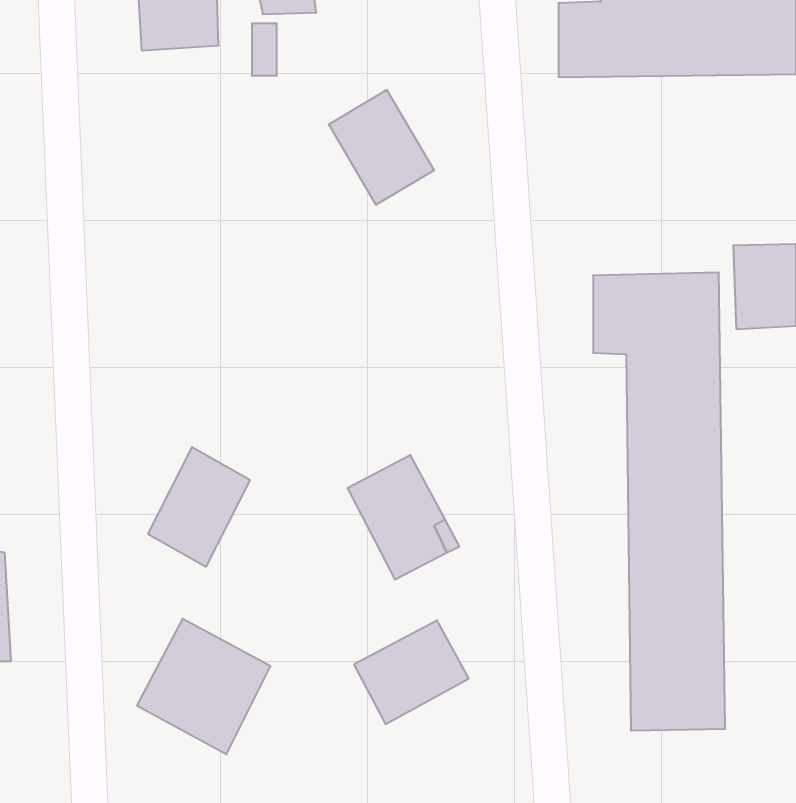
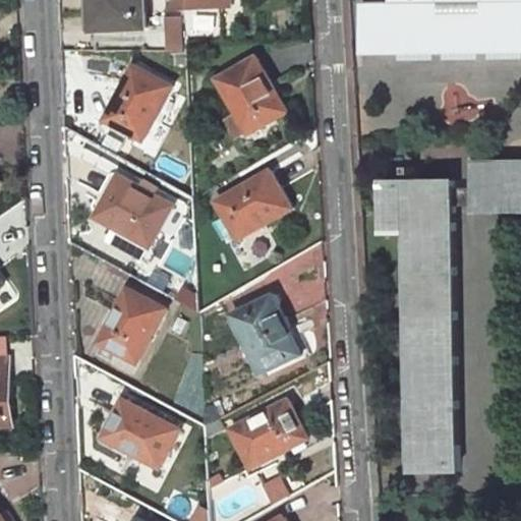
building: none -> [99,68,166,143]
building: none -> [214,169,288,238]
building: none -> [94,177,168,247]

